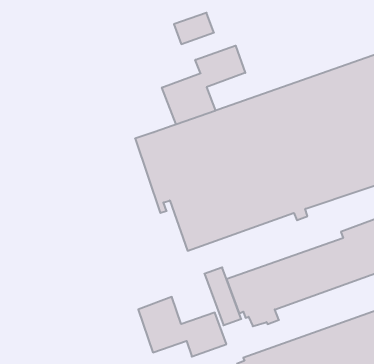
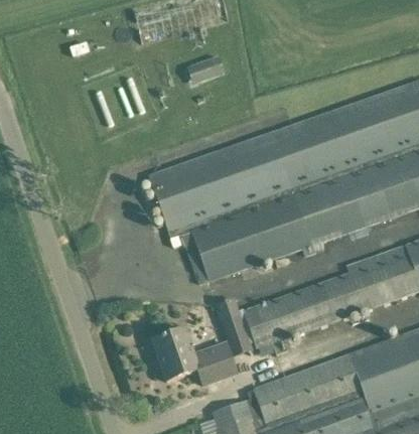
building: [162,46,245,124] -> none

